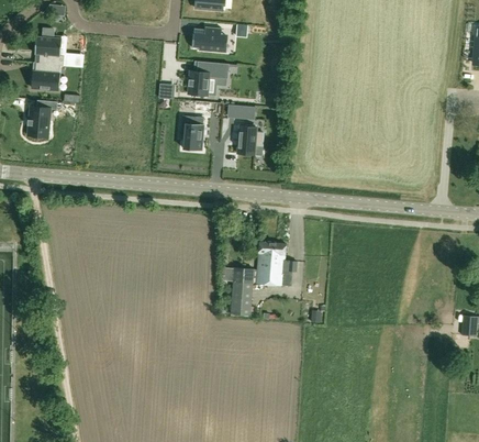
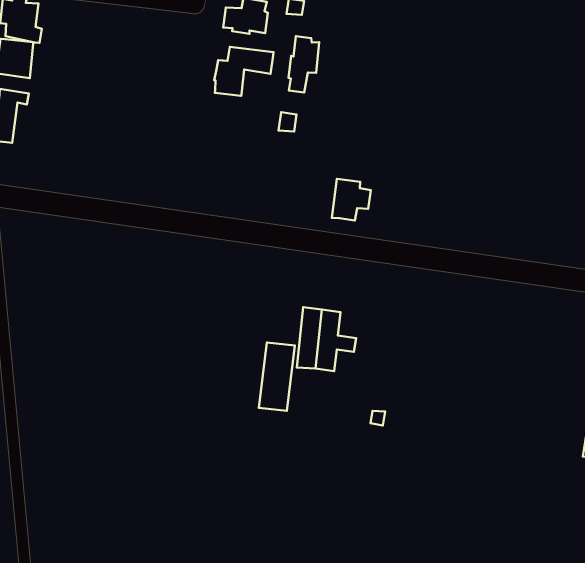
building: none -> [289,36,319,92]
building: [182,115,203,150] -> none
building: [236,125,263,154] -> [332,179,371,221]

